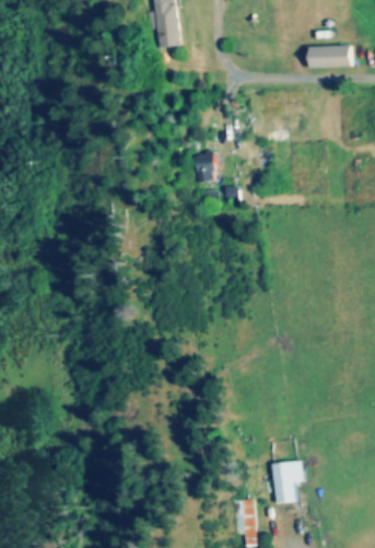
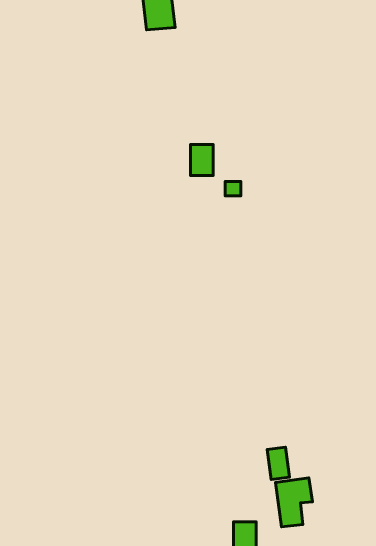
building: [312,46,355,67] -> none
building: none -> [267,447,290,480]

